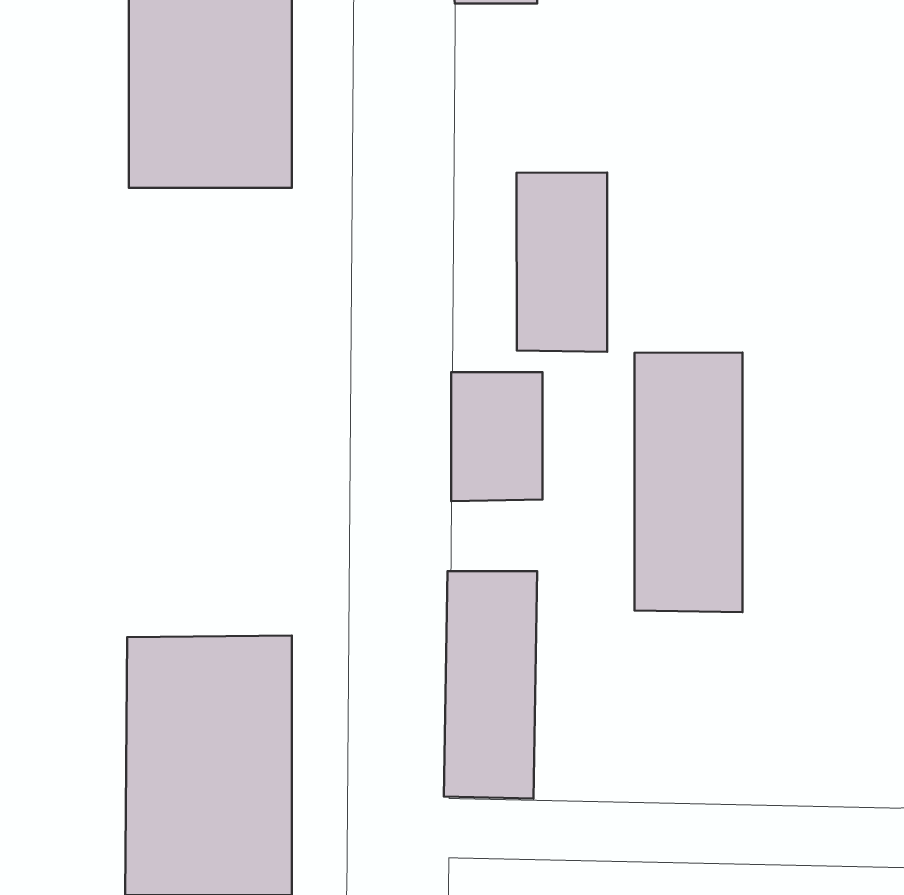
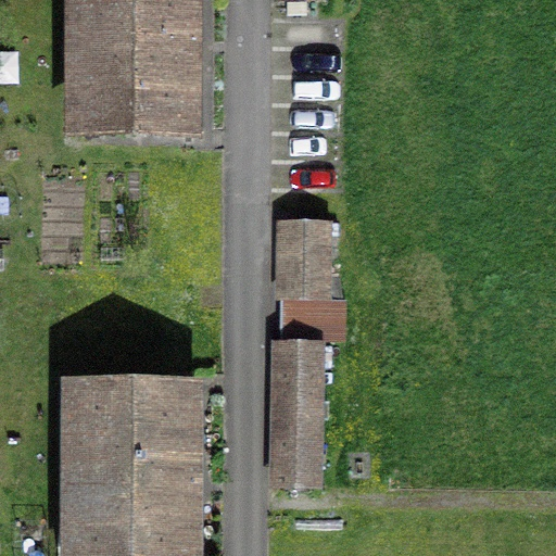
building: [517,172,607,352] -> none
building: [634,352,742,612] -> none

